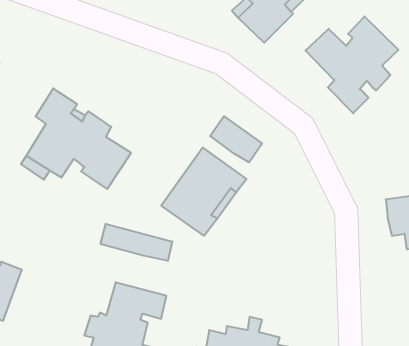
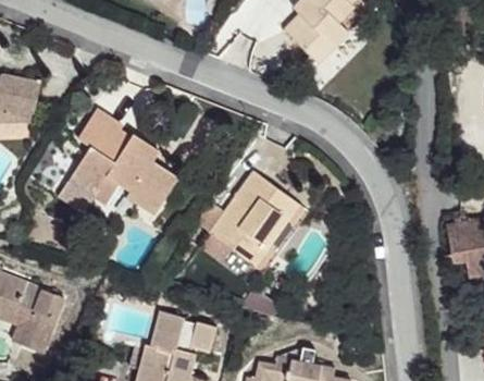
building: [305,16,398,113] -> none
building: [210,116,262,162] -> none
building: [101,224,172,261] -> none

